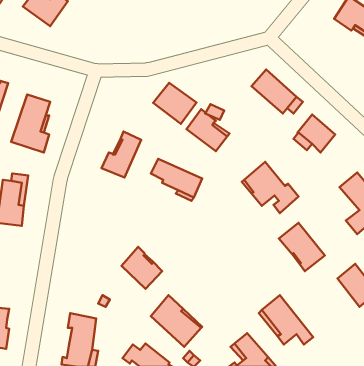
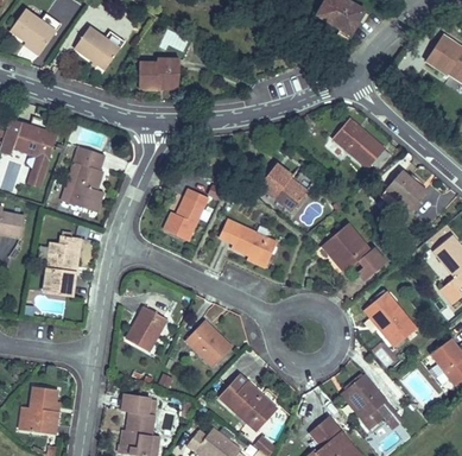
building: none -> [139,58,179,88]
building: [153,83,197,124] -> none
building: none -> [126,305,167,352]

